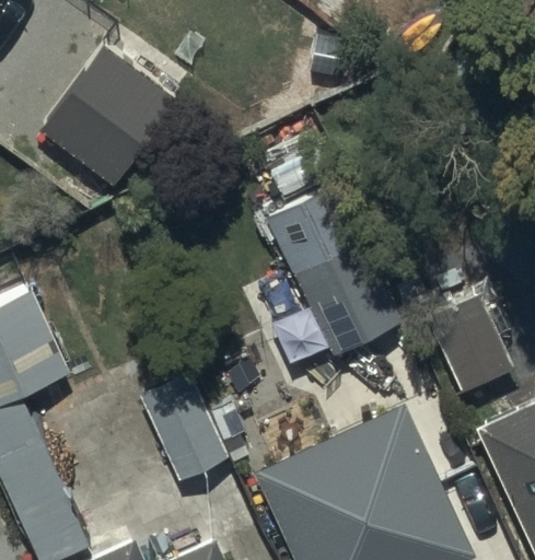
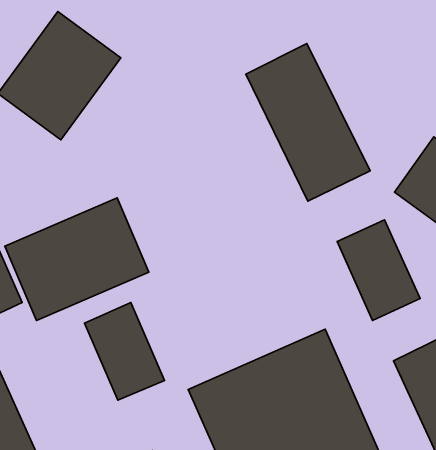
building: [272,190,410,365] -> [246,43,370,201]
building: none -> [5,198,149,320]

